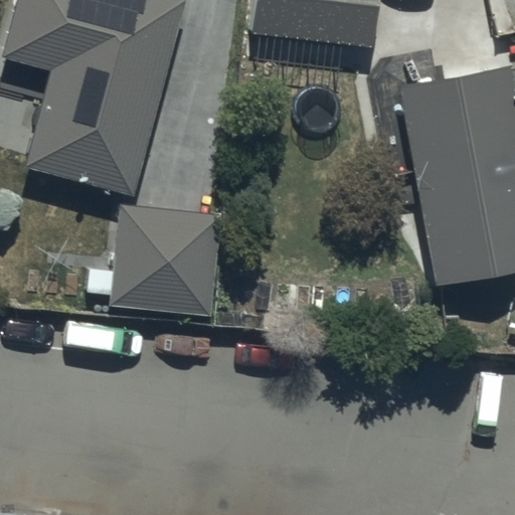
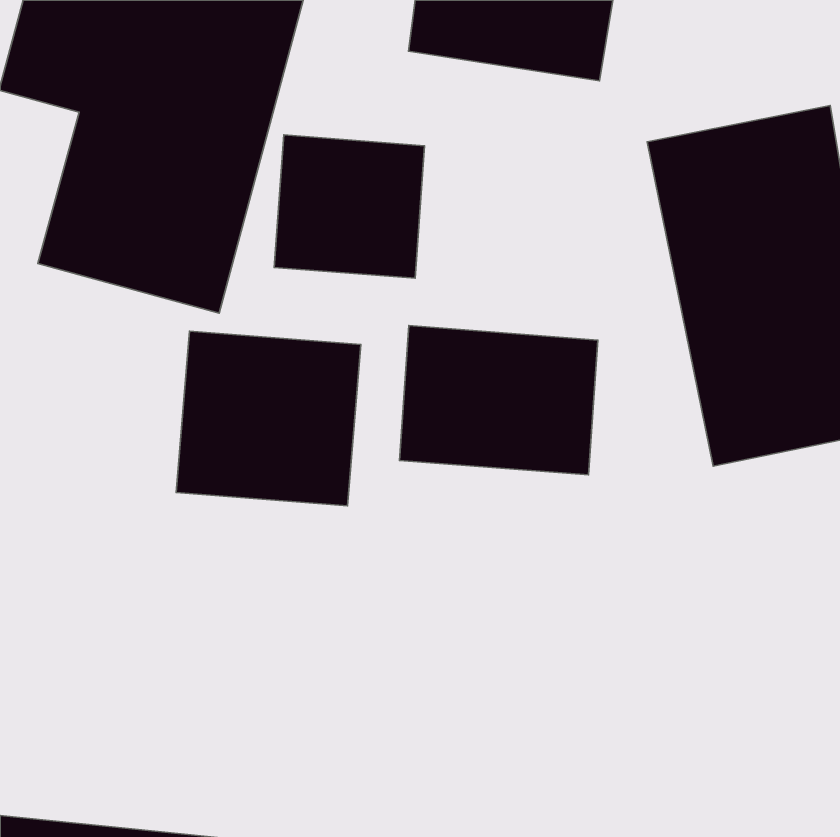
building: none -> [274,135,425,278]
building: none -> [399,326,598,475]

